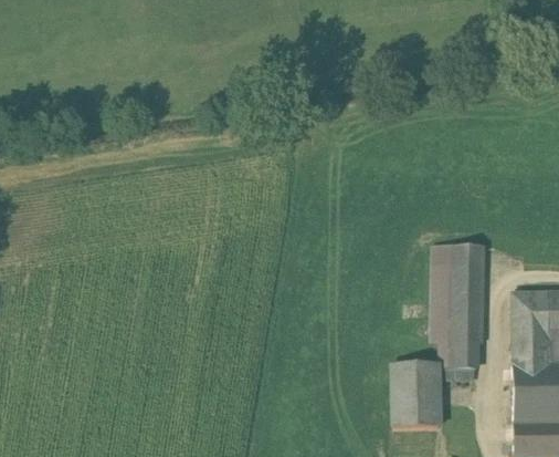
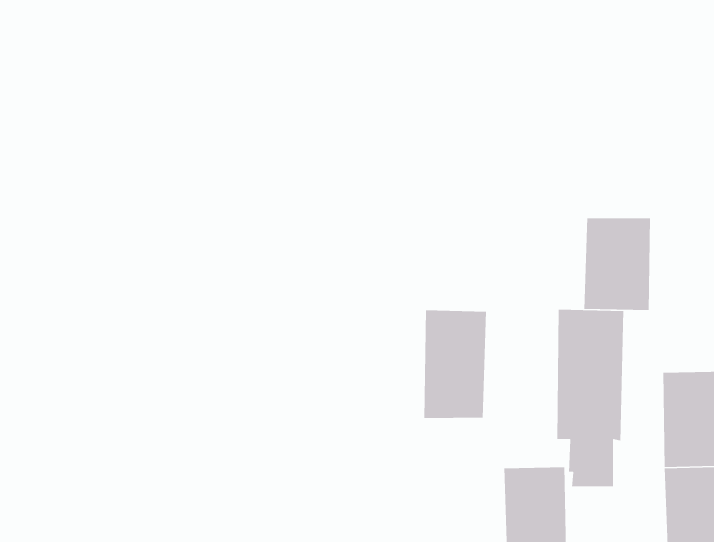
building: none -> [583,217,651,311]
building: none -> [423,310,487,419]

